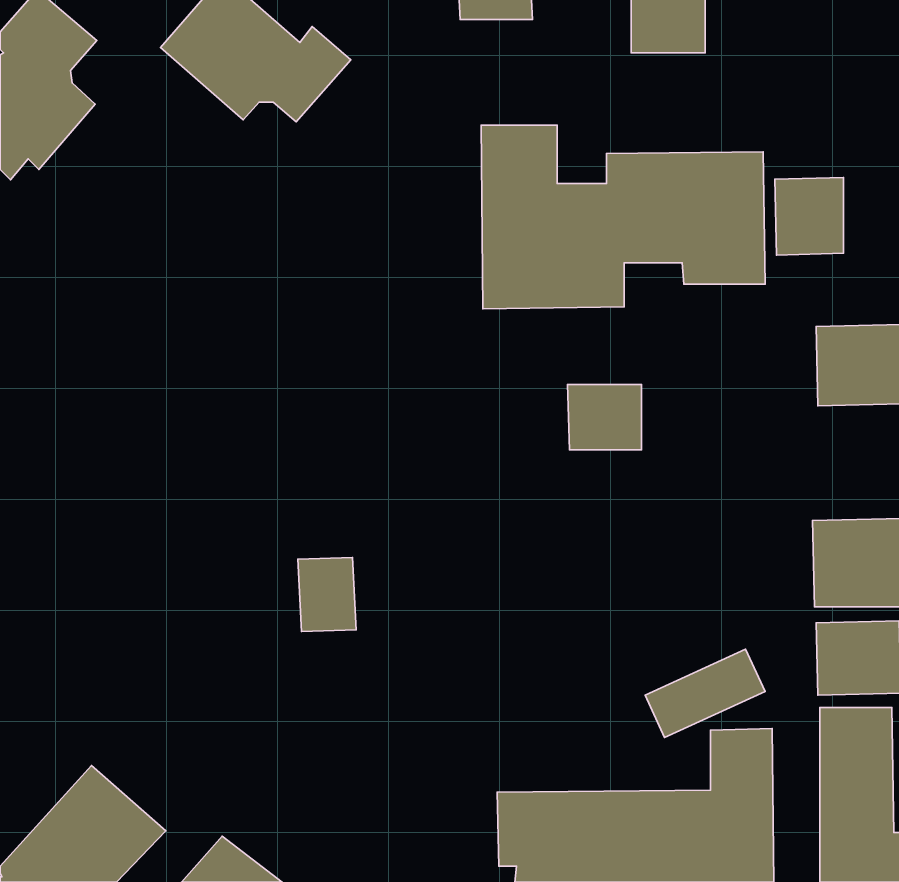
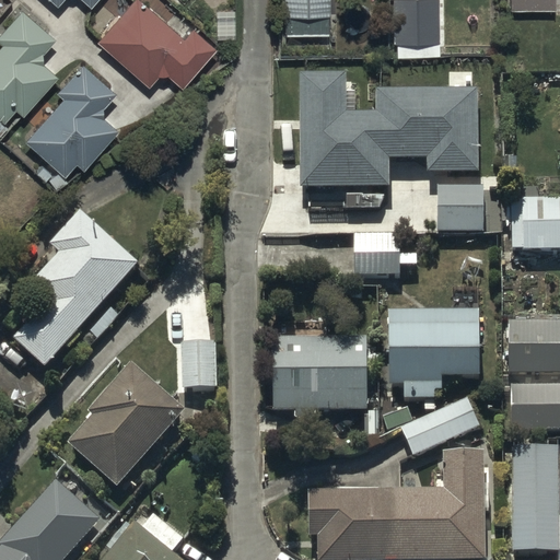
building: none -> [28,50,121,163]
building: [775,177,843,255] -> [436,188,479,236]
building: none -> [19,207,143,363]
building: none -> [387,313,477,402]
building: none -> [273,337,366,421]
building: none -> [72,358,189,482]

